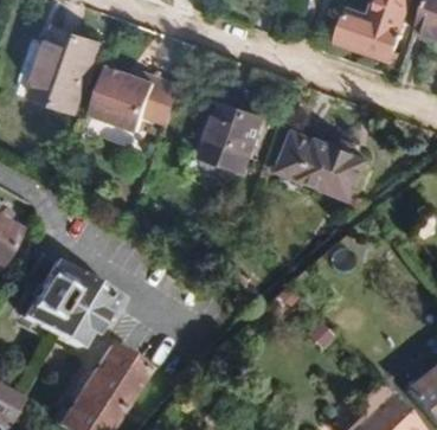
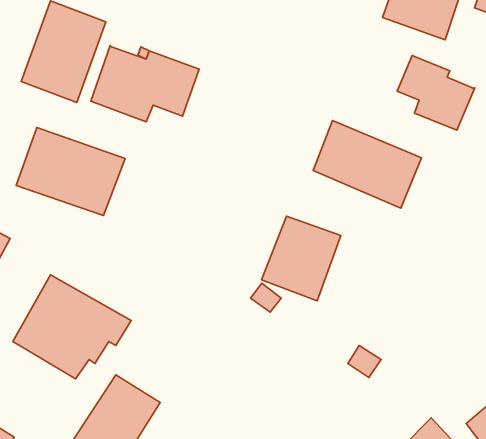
building: none -> [397,55,475,130]
building: [198,102,265,174] -> [261,216,341,301]
building: none -> [16,127,125,216]

